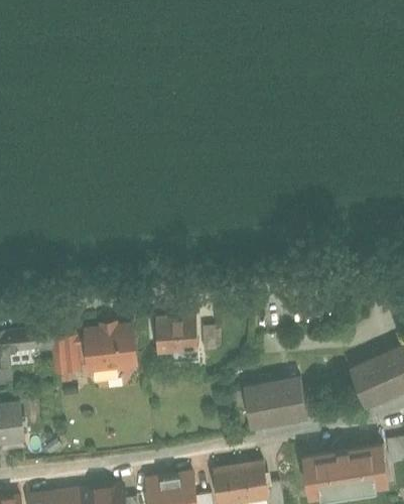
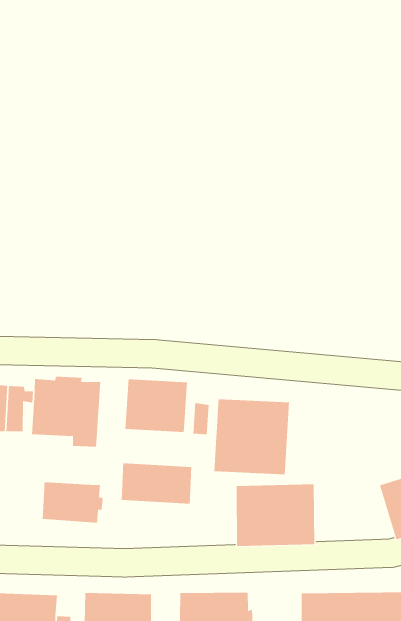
building: none -> [214,399,290,475]
building: none -> [121,462,192,504]
building: none -> [42,481,103,524]

